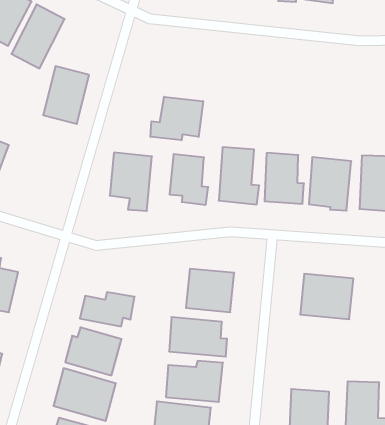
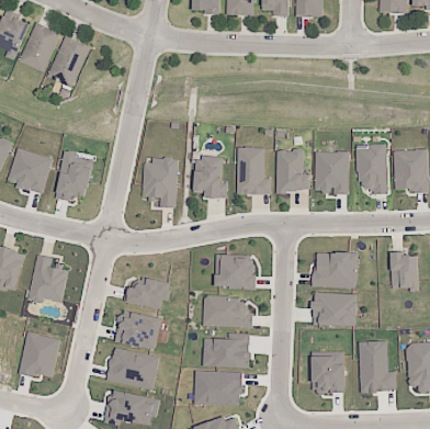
building: [43,66,89,124] -> [56,153,93,201]
building: [151,97,203,140] -> none
building: none -> [312,292,357,325]

